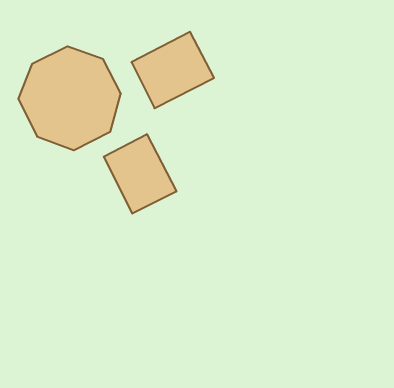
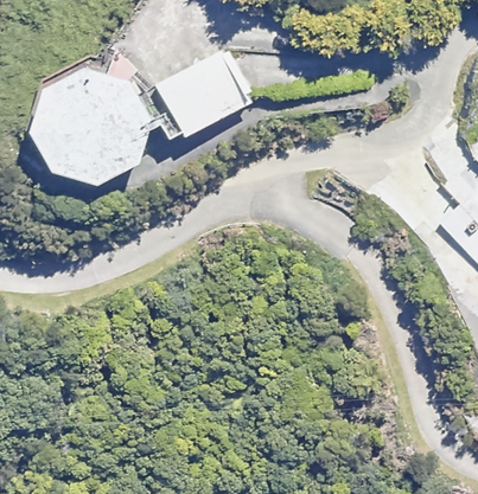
building: [104,134,176,214] -> none

